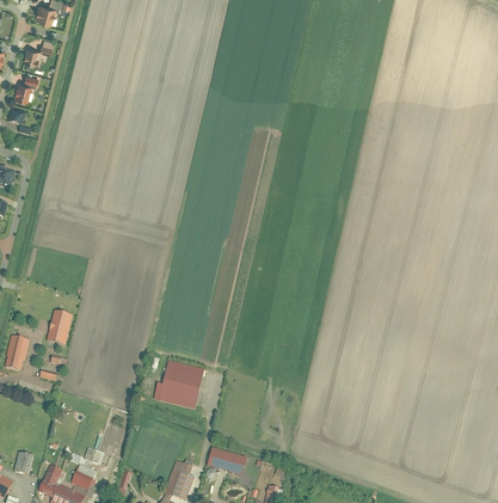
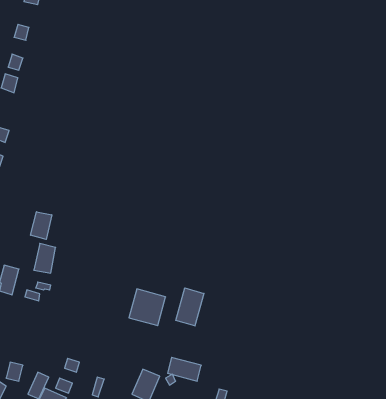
building: none -> [31,212,52,239]
building: none -> [176,288,204,326]

